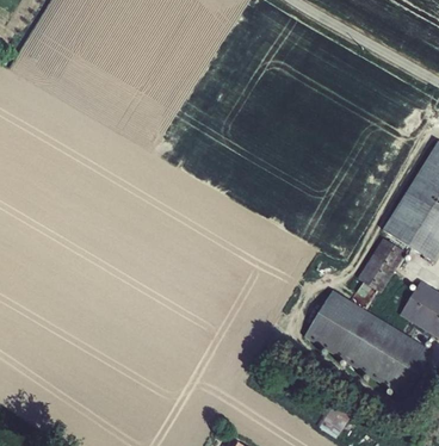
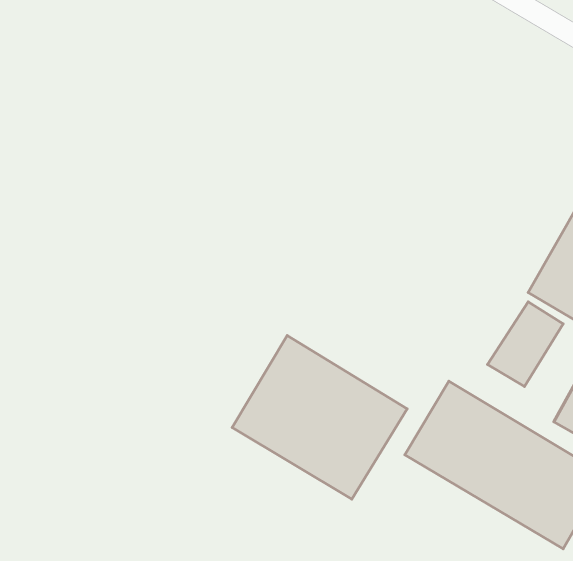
building: none -> [232,335,407,499]

